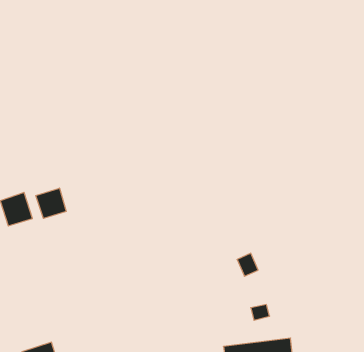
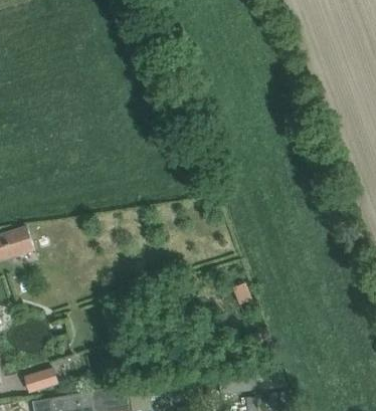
building: [36,188,66,218] -> none

